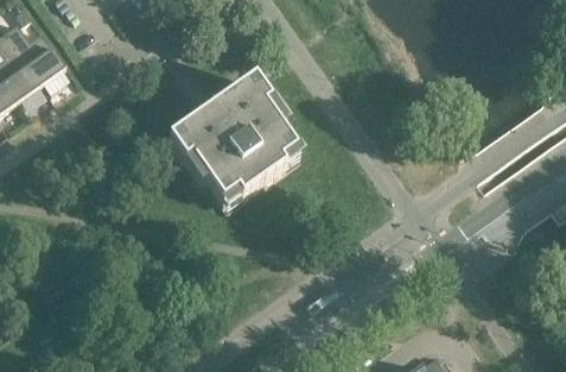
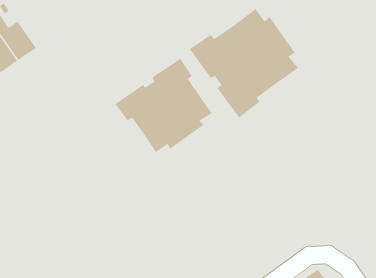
building: none -> [189,8,299,118]

